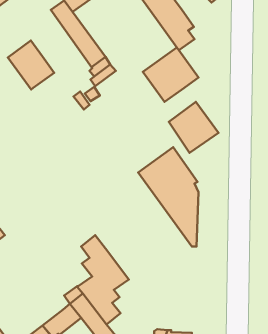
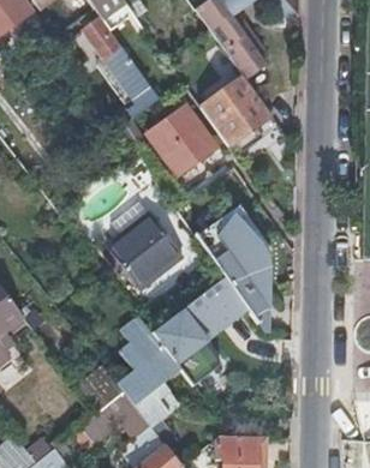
building: [8,41,54,89] -> none
building: [169,102,218,153] -> [149,107,213,172]
building: none -> [105,214,180,292]
building: none -> [151,278,246,386]

